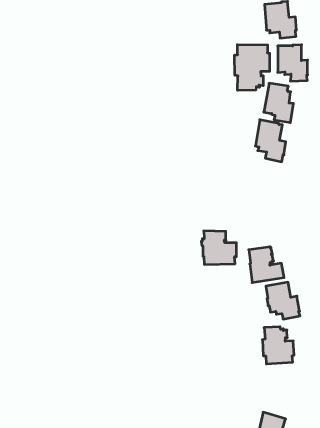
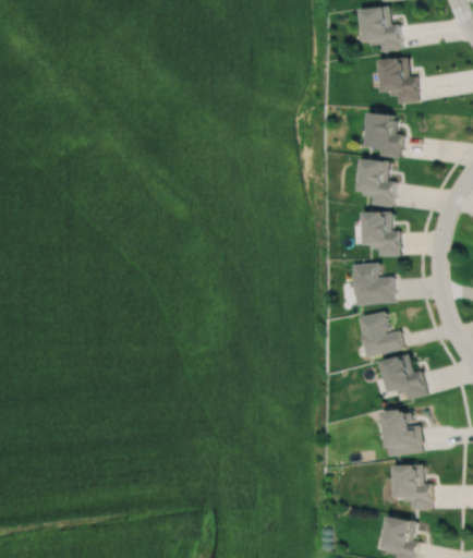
building: [235,45,270,90] -> none
building: none -> [363,210,399,255]
building: [201,231,236,264] -> [349,263,393,305]
building: none -> [395,465,432,510]

